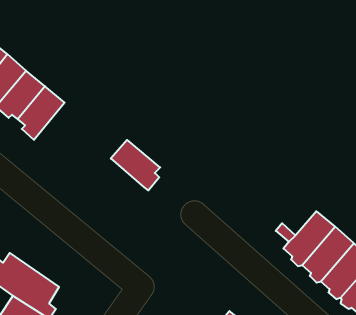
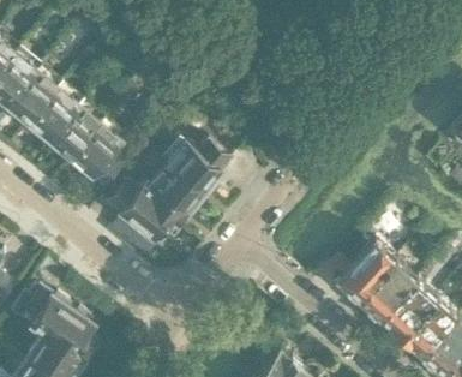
building: none -> [66,122,121,185]
building: none -> [168,142,232,197]
building: none -> [109,181,186,246]

